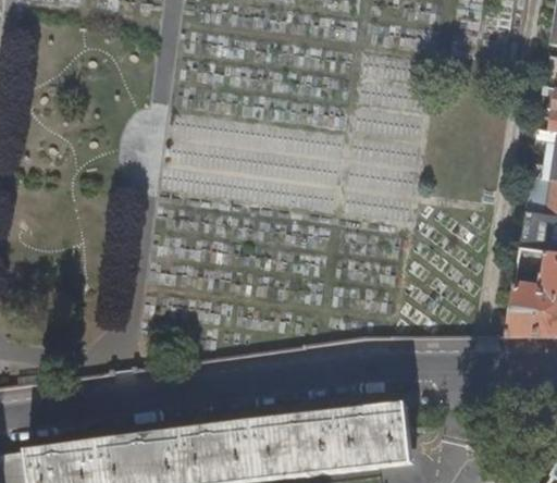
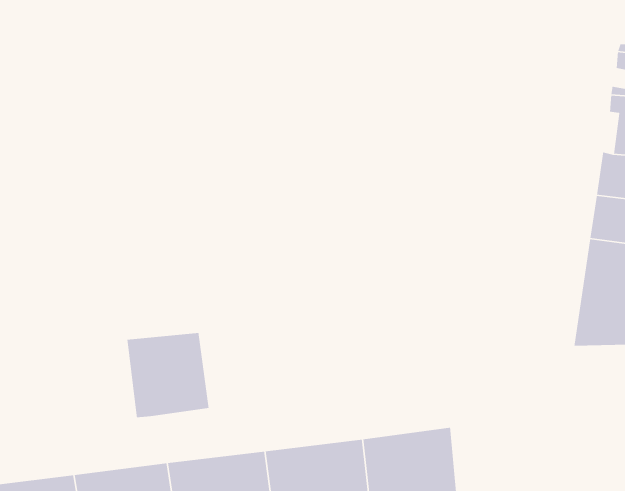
building: none -> [126,332,210,418]

